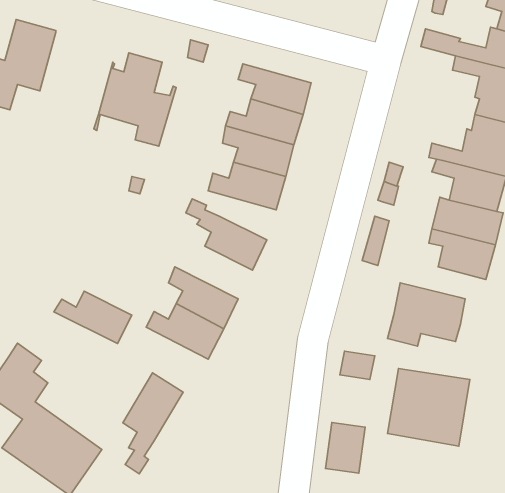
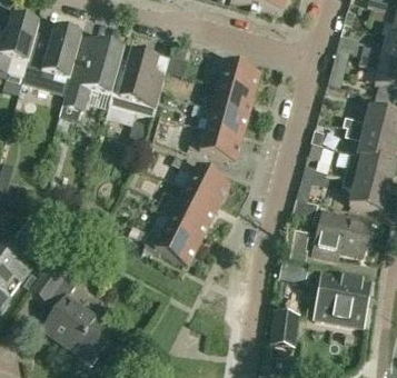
building: none -> [62,36,123,109]
building: [54,291,132,344] -> [165,186,219,222]
building: [123,373,183,474] -> none

